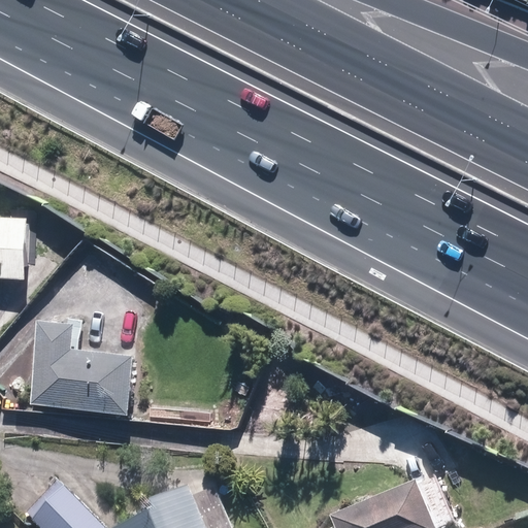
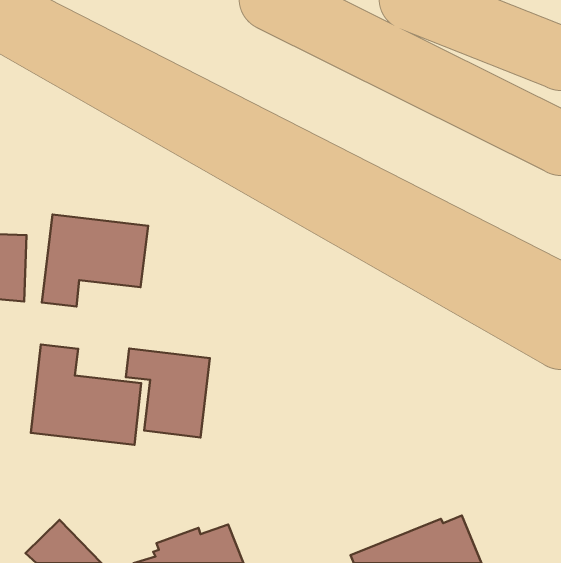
building: none -> [42,215,148,307]
building: none -> [126,349,210,437]

